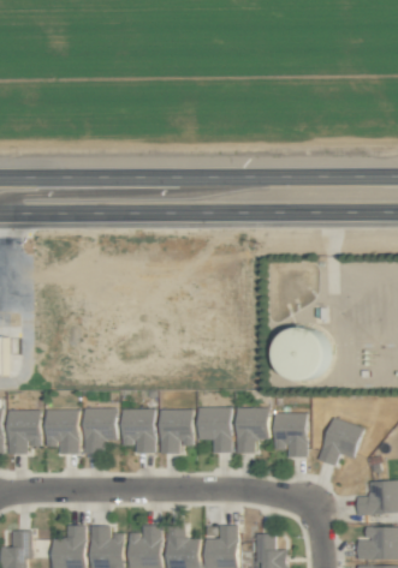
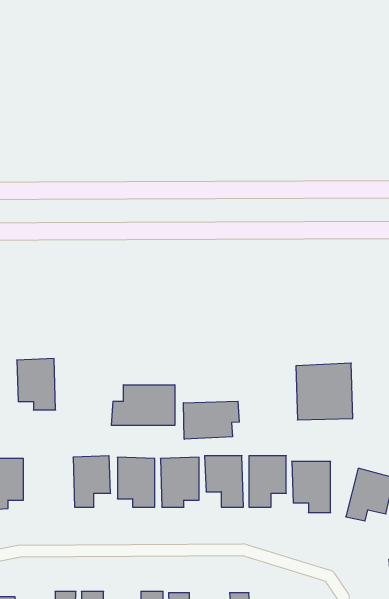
building: none -> [111,385,175,425]
building: none -> [183,401,239,439]
building: [44,409,78,454] -> [17,359,56,410]

